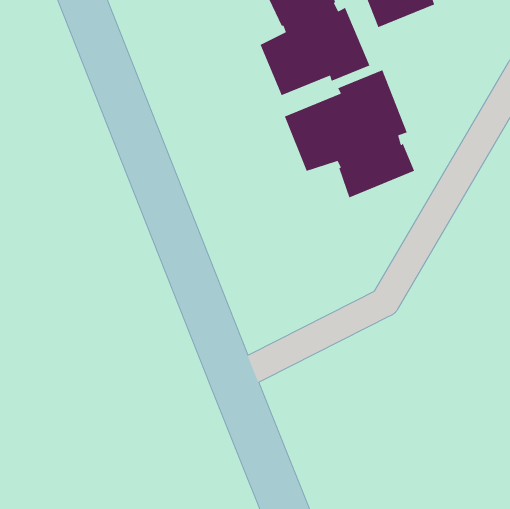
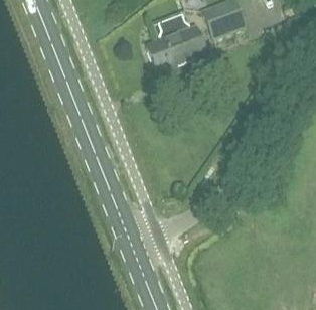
building: [284,69,415,198] -> none

